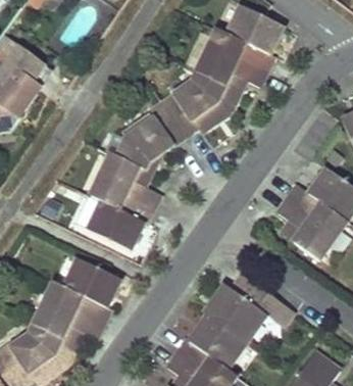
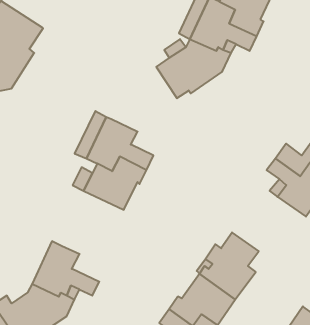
building: [116,103,185,171] -> none
building: [65,261,120,326] -> none

